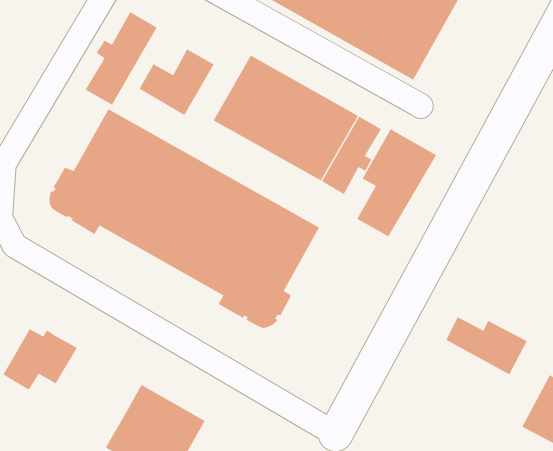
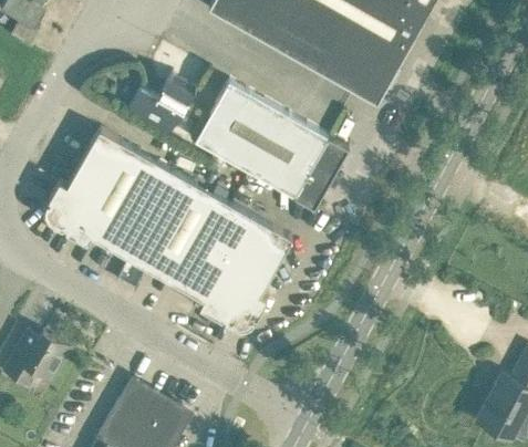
building: [85,11,158,105] -> none
building: [356,128,437,237] -> none
building: [445,317,528,375] -> none

